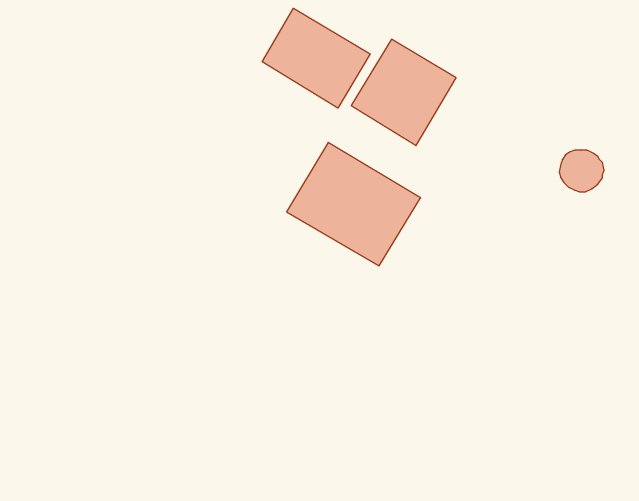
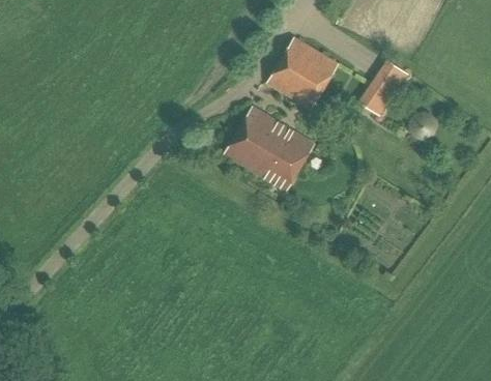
building: [262,8,370,108] -> none
building: none -> [358,59,408,116]

